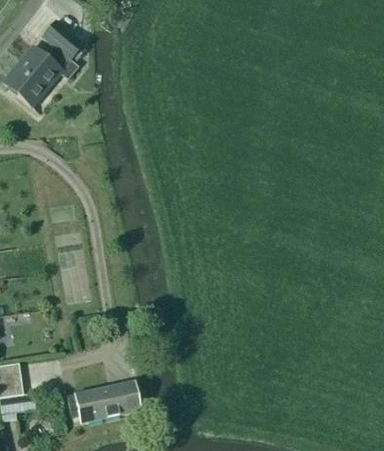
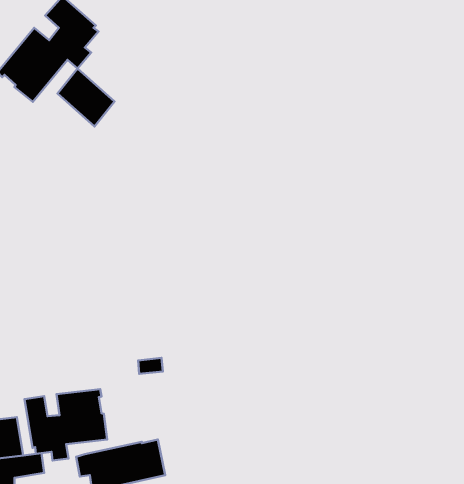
building: none -> [57,69,115,126]
building: none -> [25,389,107,460]

